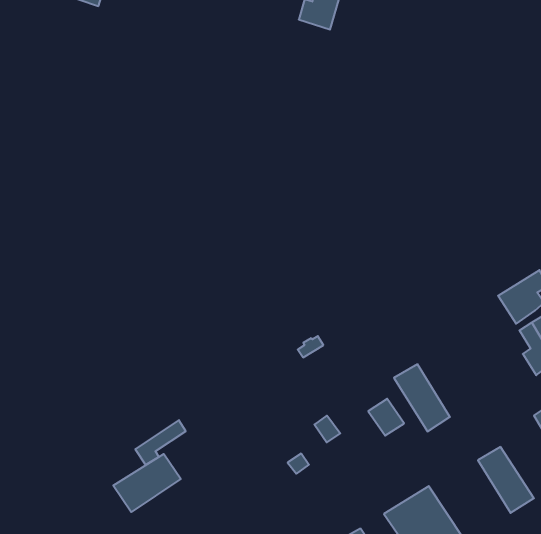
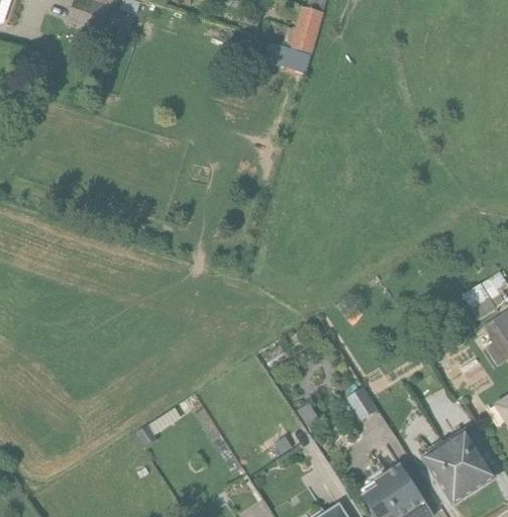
building: none -> [264,40,311,74]
building: [394,364,450,431] -> [423,442,474,503]
building: [113,454,181,512] -> none

